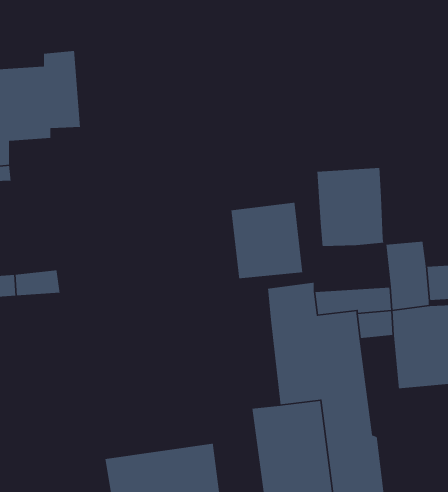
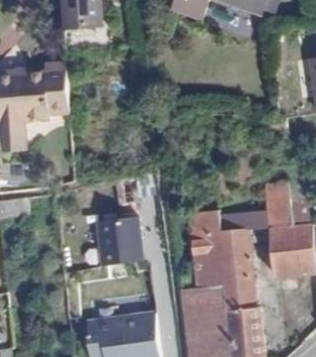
building: [316,167,384,247] -> none
building: [231,202,303,279] -> [95,215,141,264]

